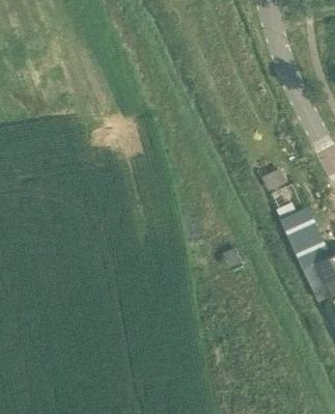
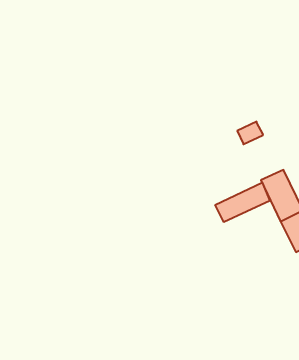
building: none -> [215,183,270,222]

